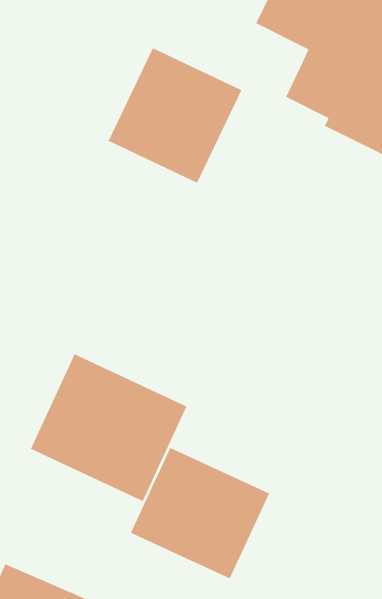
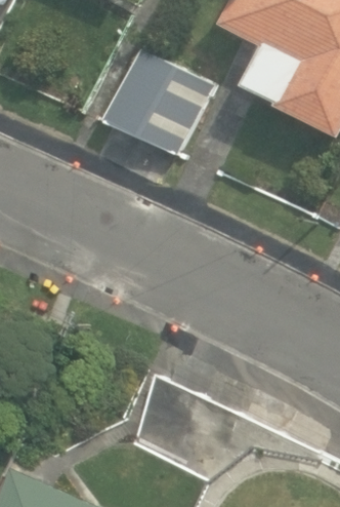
building: [30,353,187,502] -> none

